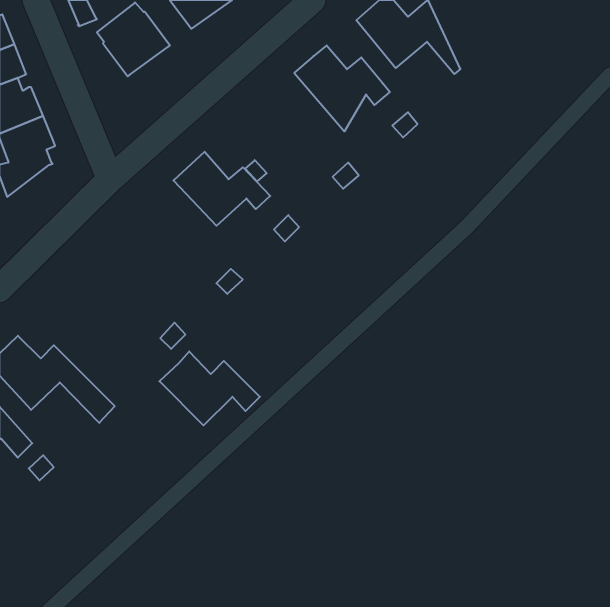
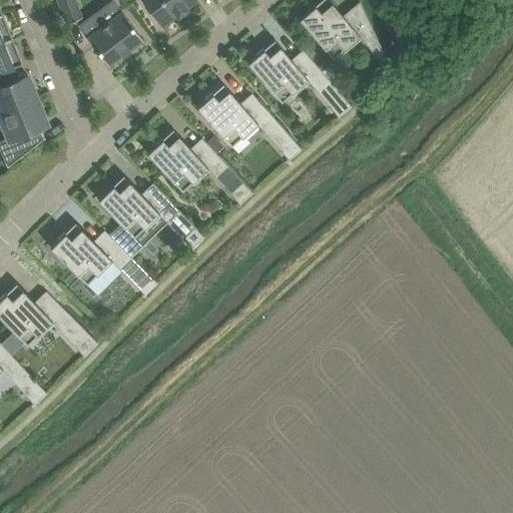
building: none -> [195,85,277,147]
building: none -> [97,176,178,238]
building: [159,351,260,425] -> [49,223,133,286]

